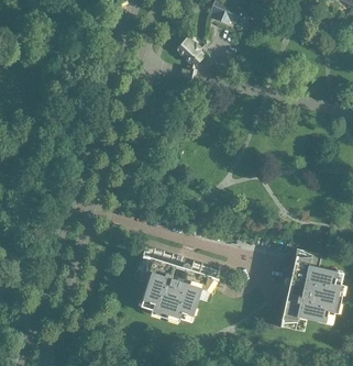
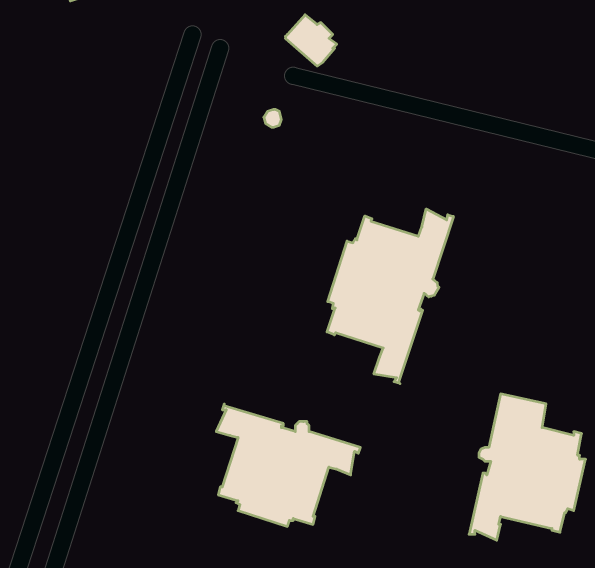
building: none -> [327,209,453,384]

